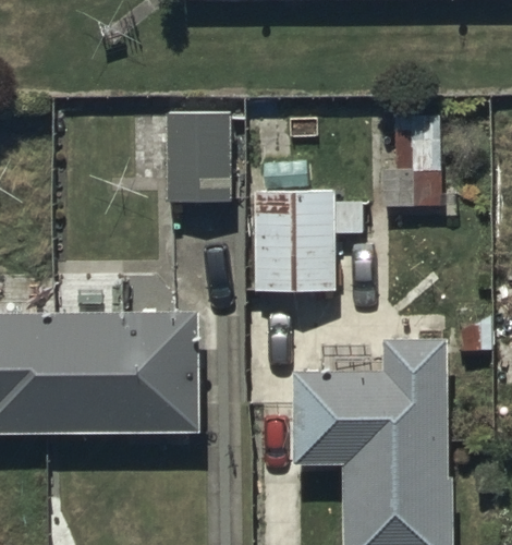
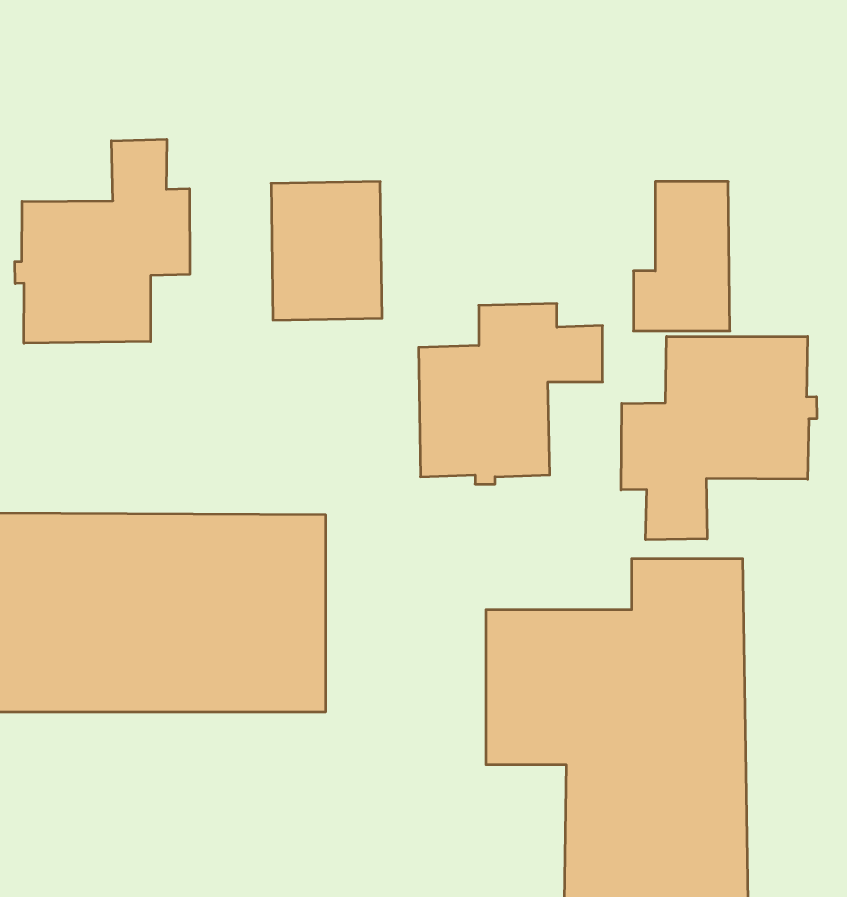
building: none -> [15,139,190,343]
building: none -> [621,336,817,540]

